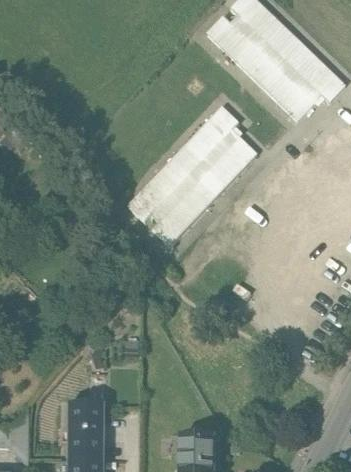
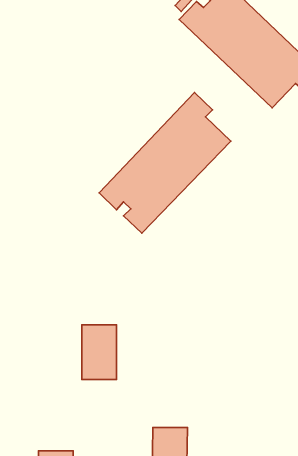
building: [68,405,102,459] -> [82,325,116,380]

